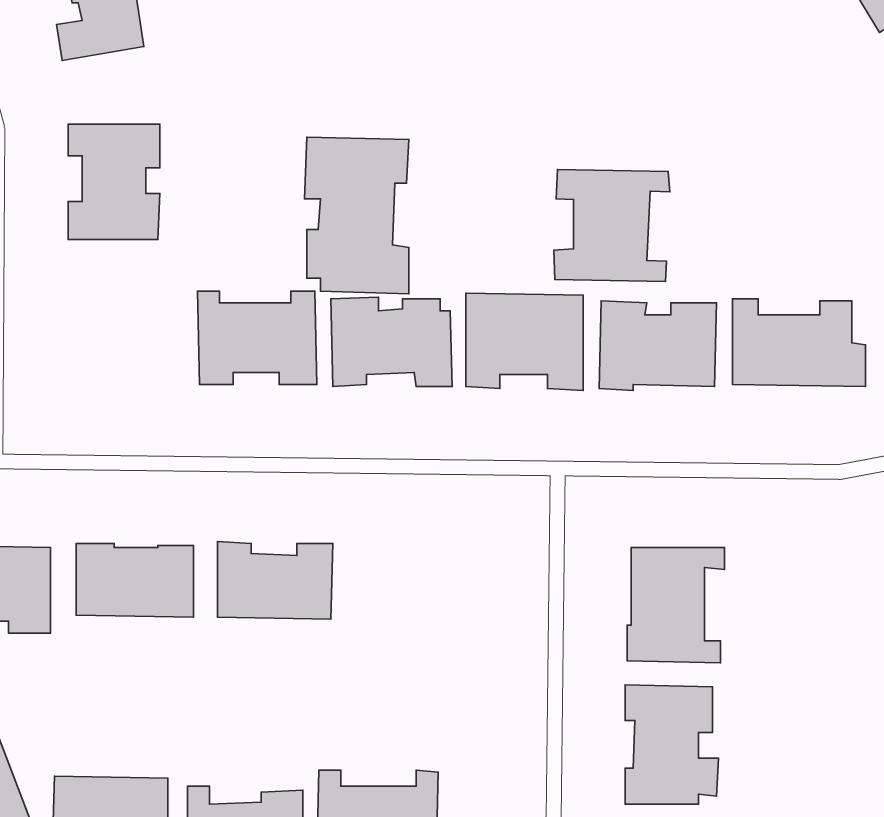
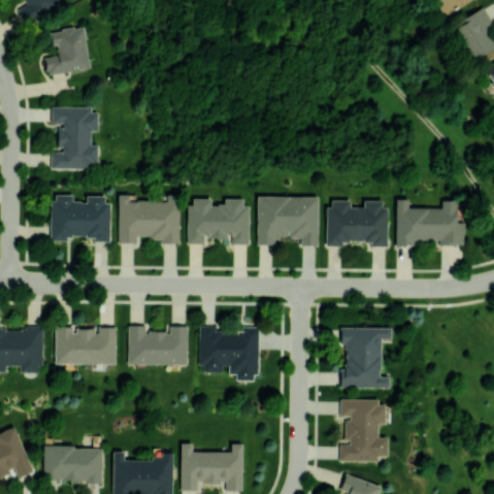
building: [304,137,409,294] -> none
building: [554,170,670,281] -> none
building: none -> [52,195,109,239]
building: none -> [200,326,259,381]

